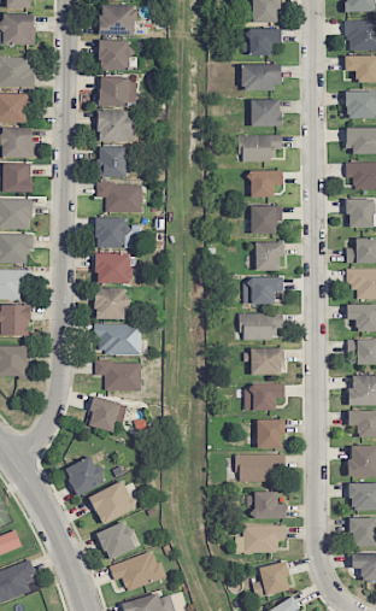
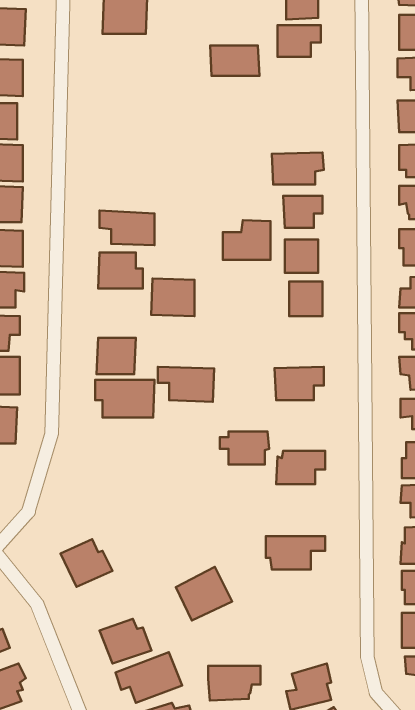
building: [99,40,130,70] -> none
building: [241,64,282,89] -> [210,46,259,76]
building: [99,76,136,105] -> none
building: [251,99,281,127] -> none
building: [98,111,134,141] -> none
building: [98,146,127,177] -> none
building: none -> [223,220,270,260]
building: [95,252,131,283] -> [151,279,195,316]
building: [245,276,283,304] -> none
building: [243,347,284,375] -> [220,431,269,465]
building: [95,362,142,390] -> [158,367,214,402]
building: [87,396,128,430] -> none
building: [257,419,286,447] -> none
building: [89,480,136,524] -> [176,567,232,620]
building: [249,490,286,518] -> none
building: [242,524,286,553] -> [208,666,260,700]

